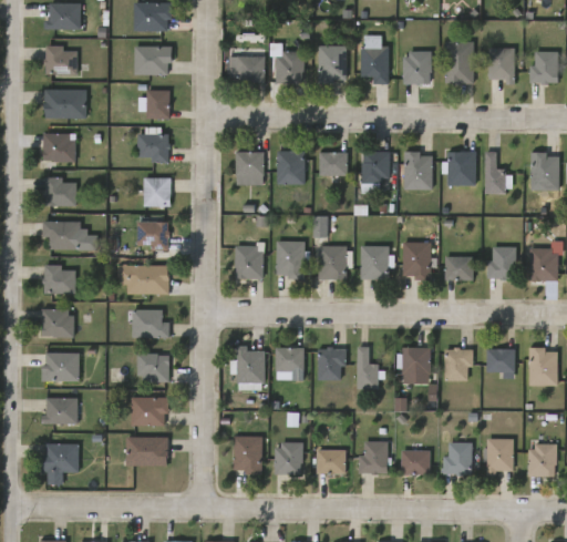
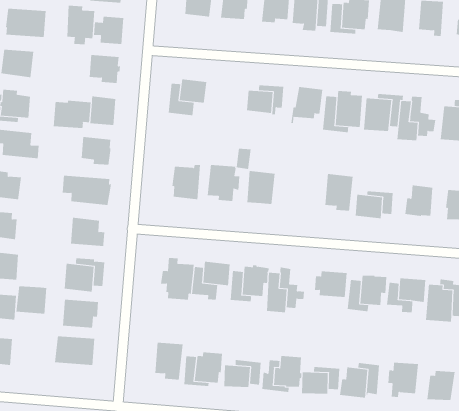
building: none -> [67,5,95,45]
building: [278,151,307,184] -> none
building: none -> [53,100,91,129]
building: [360,245,394,280] -> none
building: none -> [16,285,47,314]

